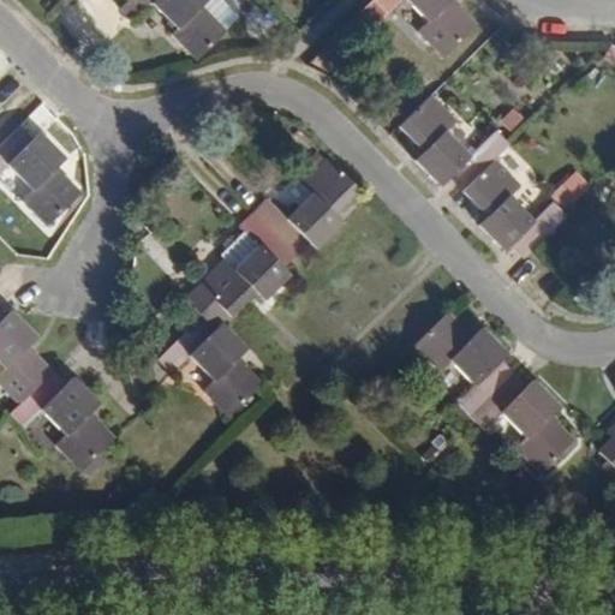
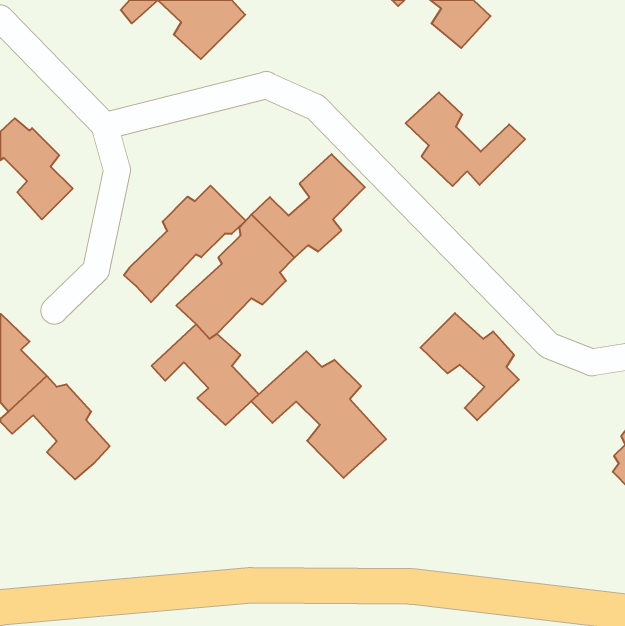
building: [466,156,574,256] -> none
building: none -> [124,186,246,302]
building: none -> [251,351,386,478]
building: [470,374,573,468] -> none

